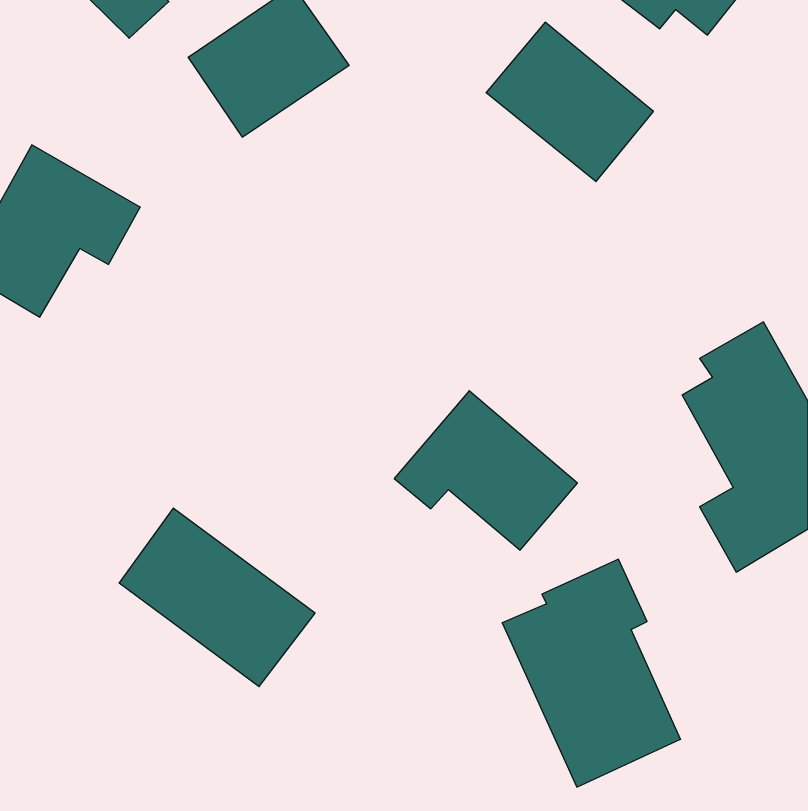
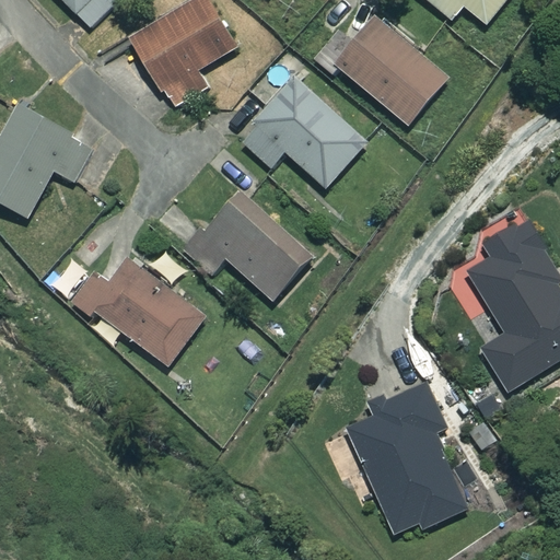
building: none -> [243,74,368,188]
building: [394,391,577,550] -> [188,191,314,301]
building: [119,508,315,687] -> [72,244,207,366]

